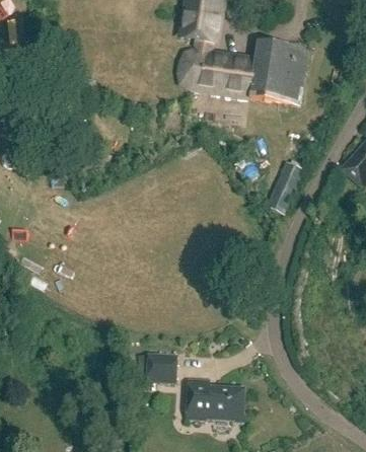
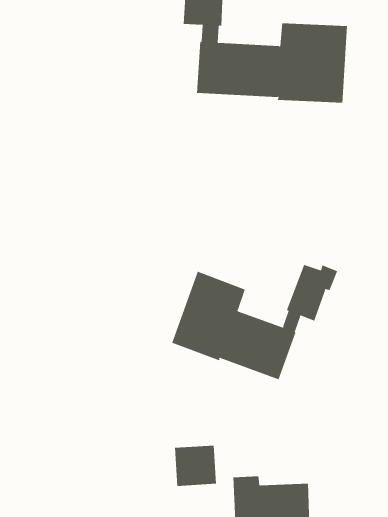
building: [264,165,302,213] -> none
building: none -> [172,264,338,380]

